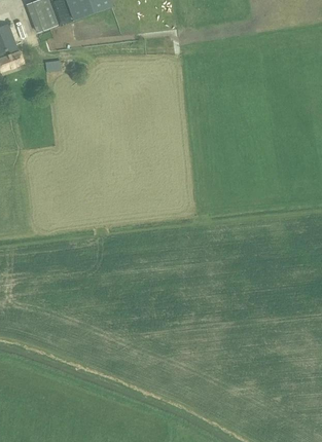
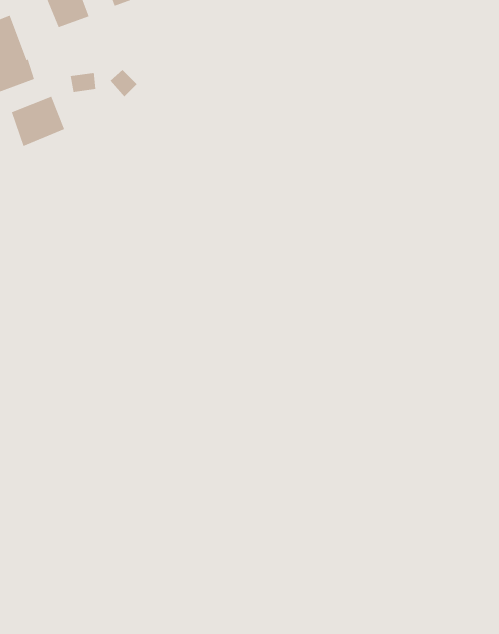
building: none -> [11,96,65,147]

